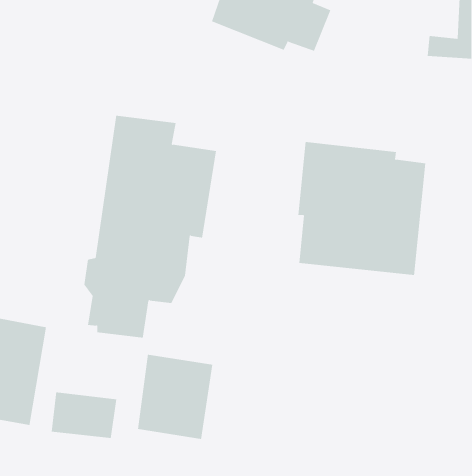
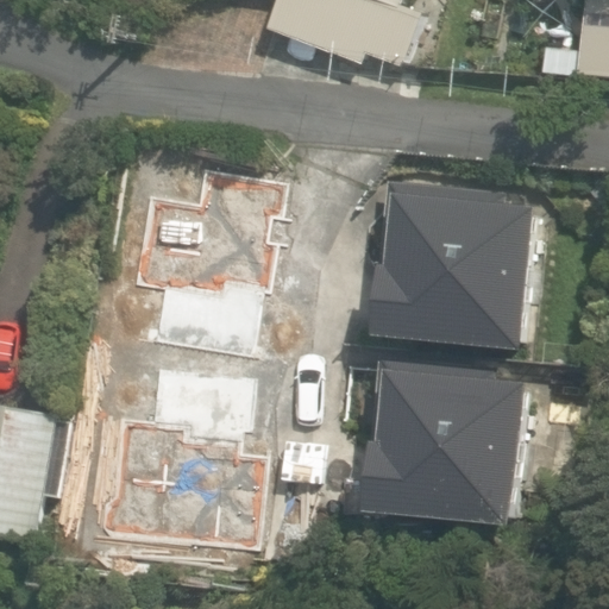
building: none -> [369,357,533,526]

